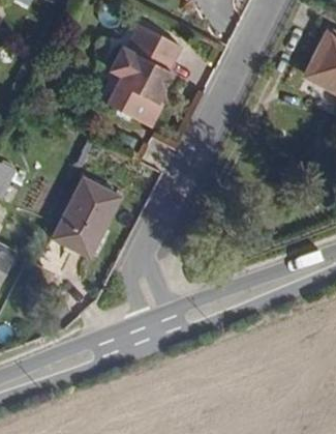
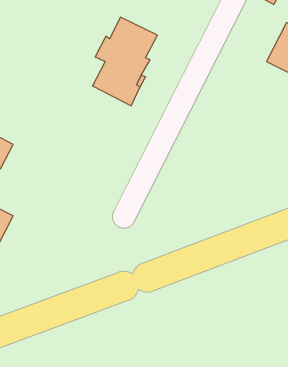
building: [53,178,120,257] -> none

